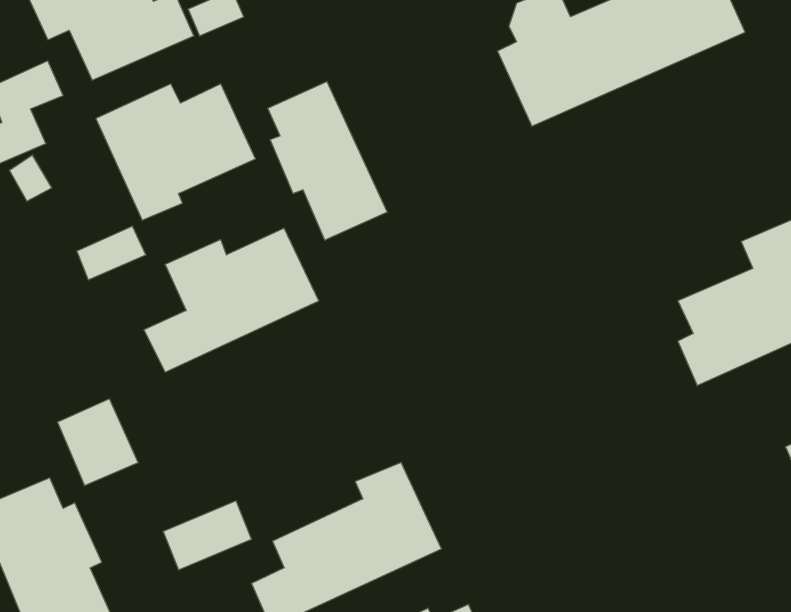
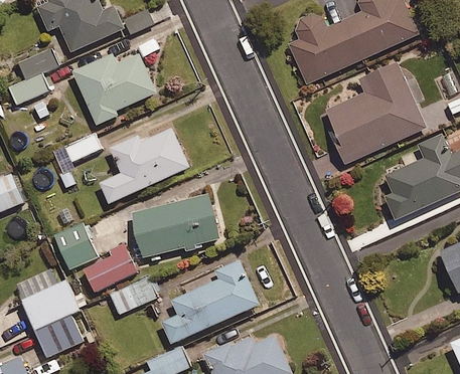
building: [268,81,387,240] -> none
building: none -> [323,60,425,164]
building: none -> [129,192,217,256]
building: none -> [86,249,141,292]

